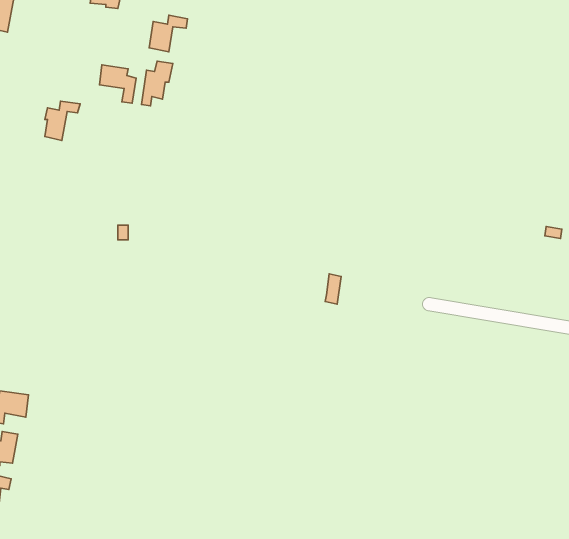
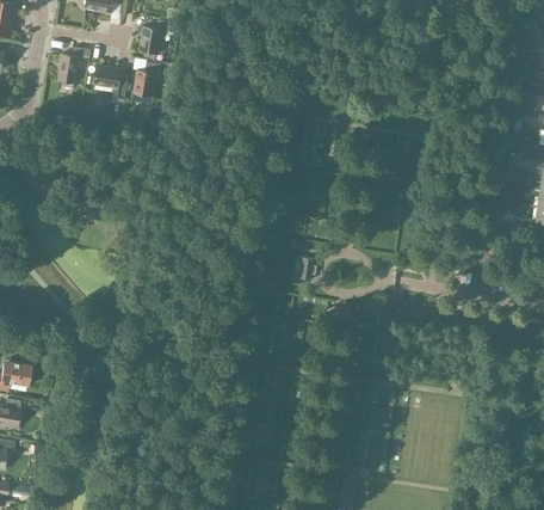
building: [45,101,80,141] -> [58,47,91,82]

